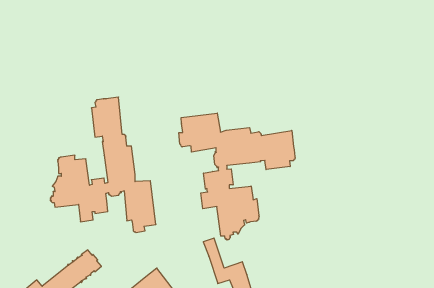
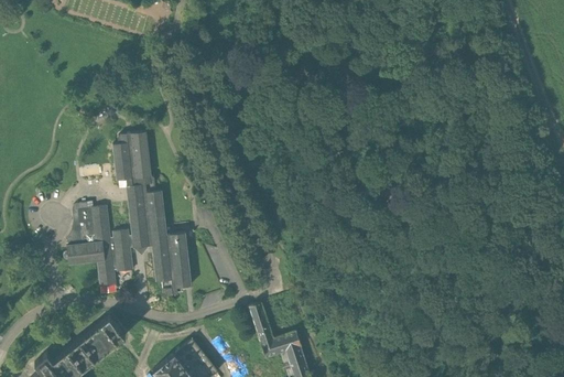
building: [179,113,295,240] -> none

